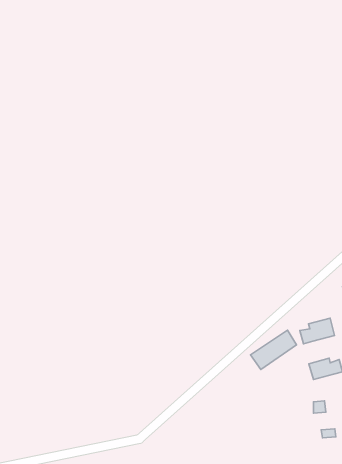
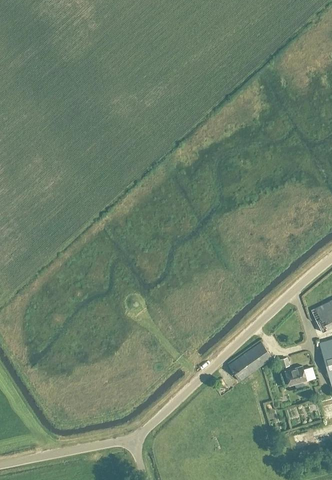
building: [300,318,334,344] -> none

